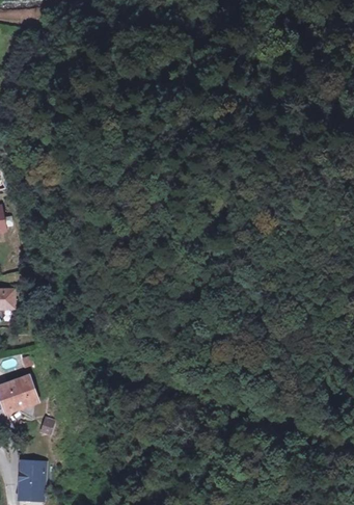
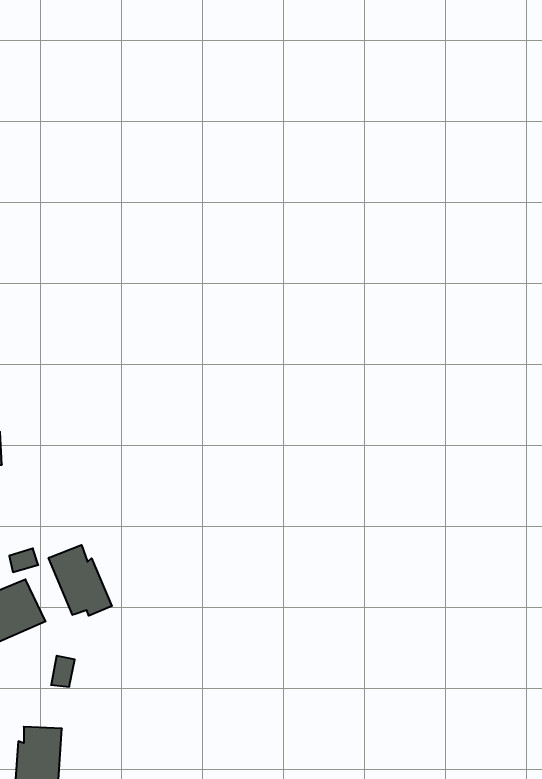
building: none -> [49,545,112,616]

